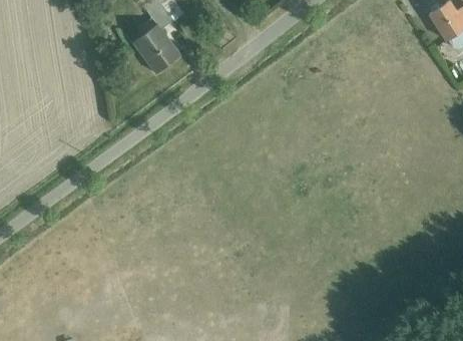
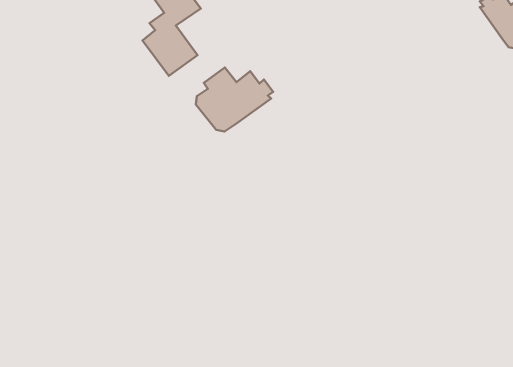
building: none -> [196,67,273,132]

